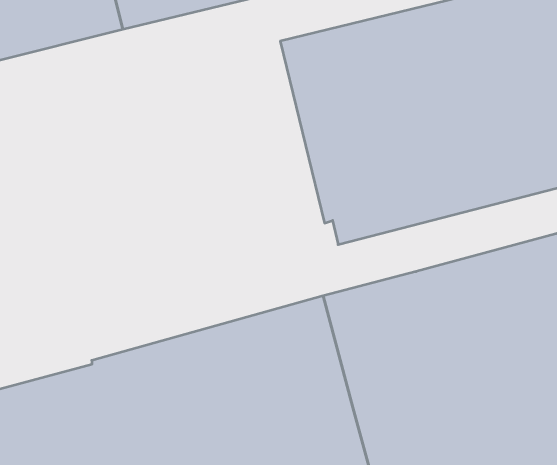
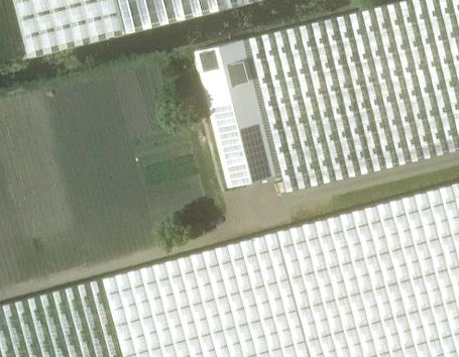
building: none -> [195,39,277,188]

